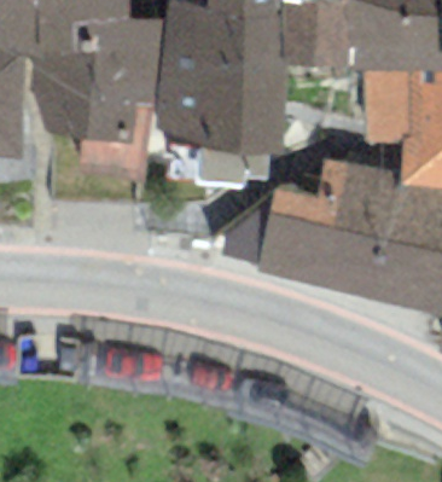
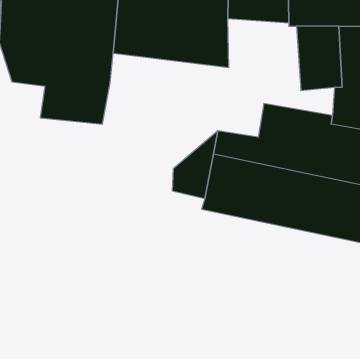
building: [155,99,286,186] -> none

